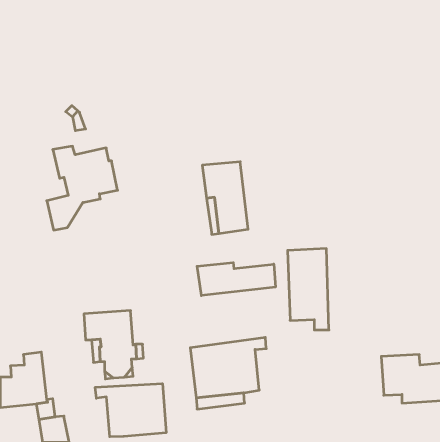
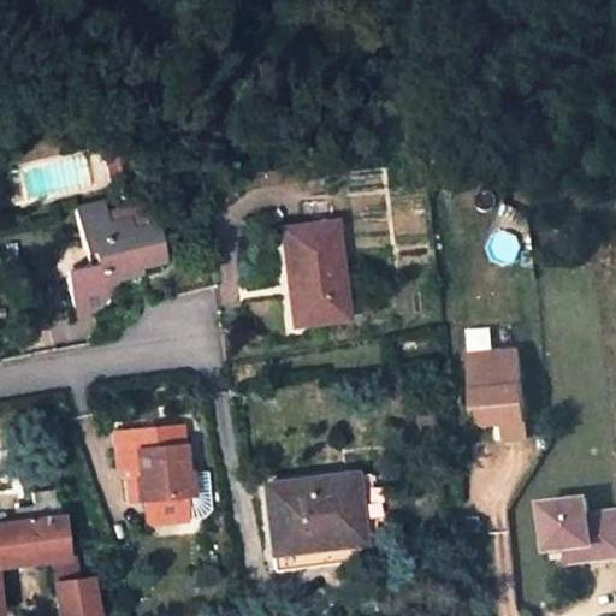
building: [288,249,329,330] -> [464,326,522,439]
building: [197,263,275,296] -> none
building: [95,384,166,437] -> none

